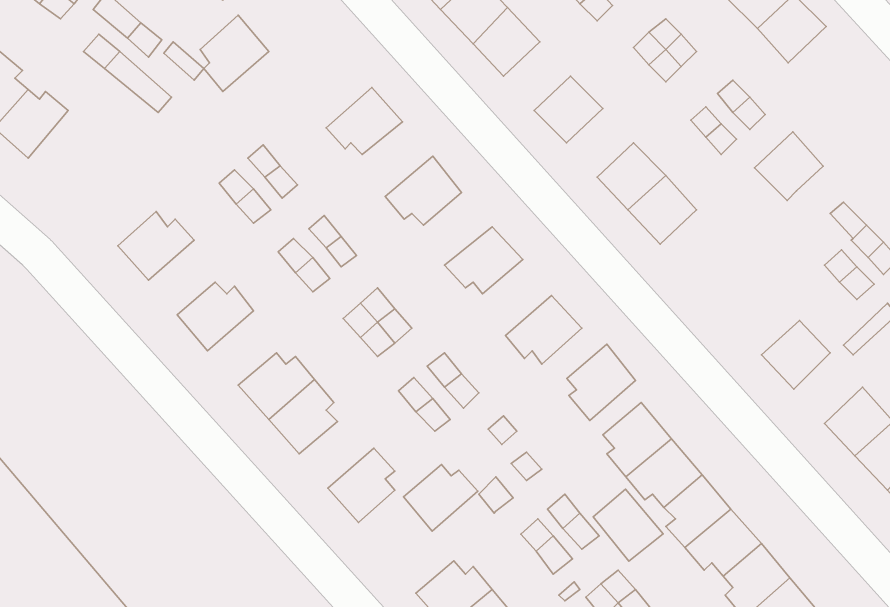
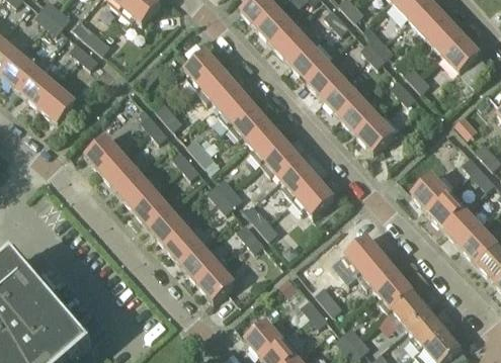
building: [200,15,269,91] -> [185,50,222,90]
building: none -> [291,44,327,81]
building: none -> [325,80,360,116]
building: none -> [39,81,76,122]
building: none -> [217,87,254,126]
building: [755,132,823,200] -> [442,36,479,73]
building: none -> [249,124,285,163]
building: none -> [103,150,139,189]
building: none -> [412,174,448,210]
building: none -> [135,187,171,226]
building: [567,344,636,420] -> [280,160,317,200]
building: none -> [445,209,482,247]
building: [403,464,478,531] -> [183,246,223,281]
building: [593,489,663,561] -> none

